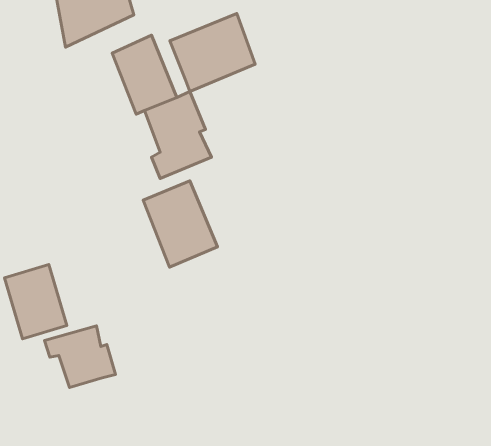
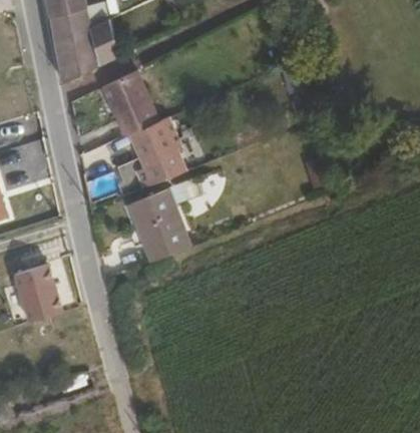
building: [170,14,255,91] -> none
building: [44,326,116,387] -> none

